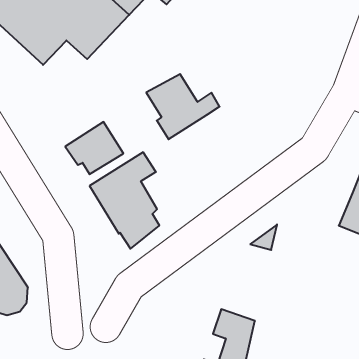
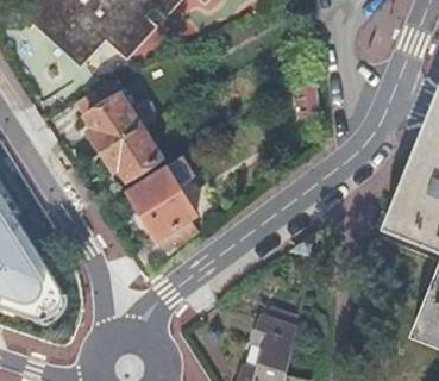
building: [146,74,220,139] -> [79,83,153,150]

